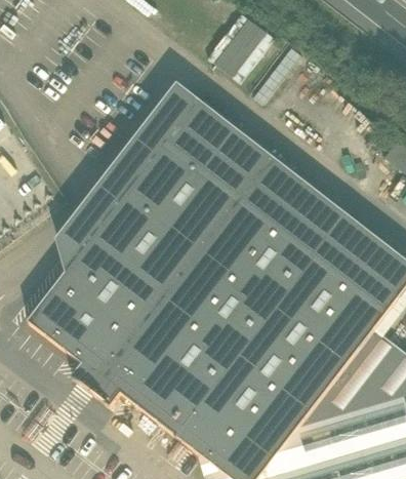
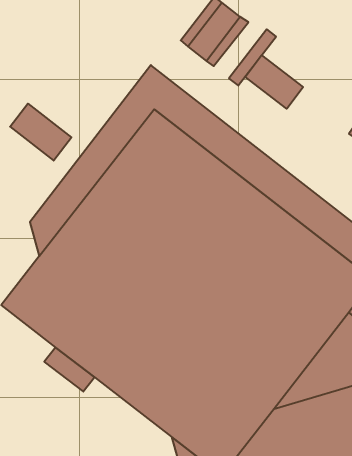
building: none -> [245,55,303,109]
building: none -> [10,104,71,161]

